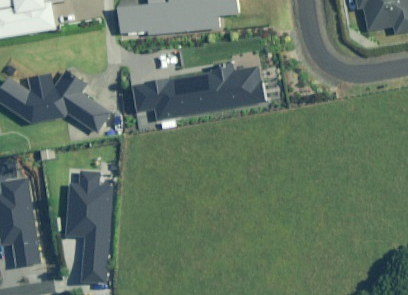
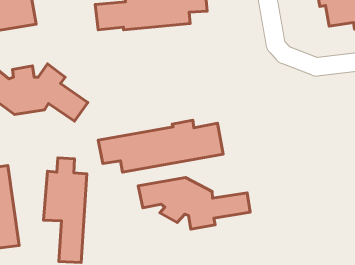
building: [131,65,264,120] -> [98,120,223,172]
building: none -> [138,177,250,229]

